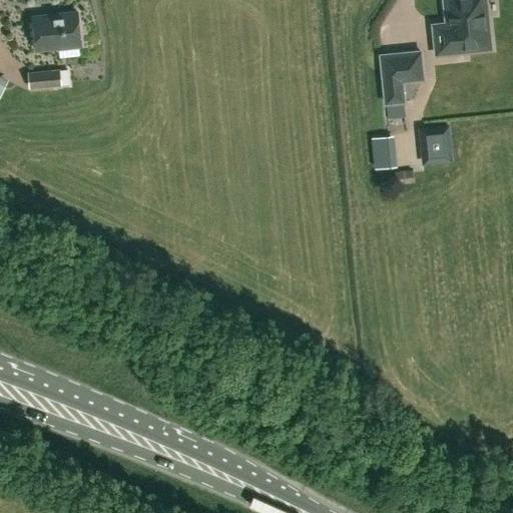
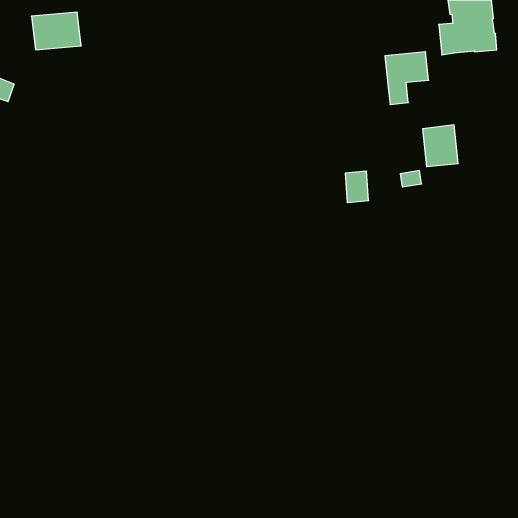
building: [27,70,68,90] -> none
building: [381,135,404,166] -> [345,171,369,203]

